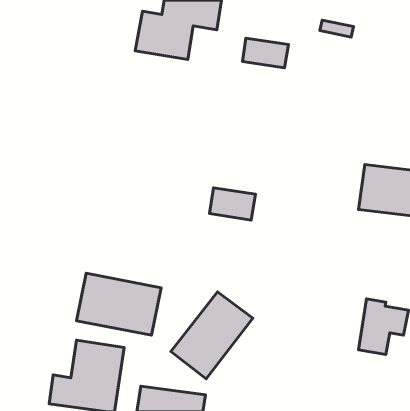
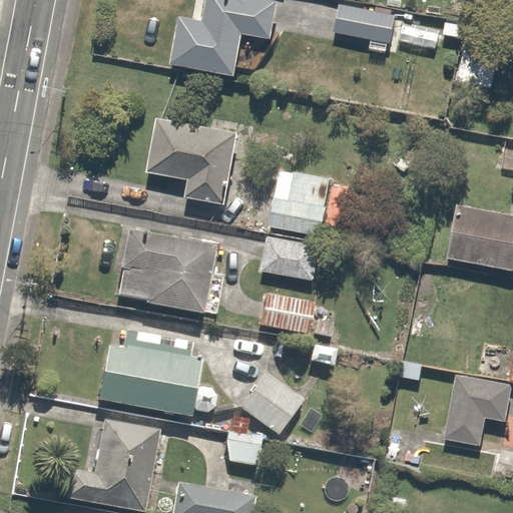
building: [243,38,289,68] -> [333,6,390,43]
building: none -> [149,120,237,201]
building: none -> [271,170,332,232]
building: none -> [114,230,219,318]
building: none -> [263,293,324,331]

